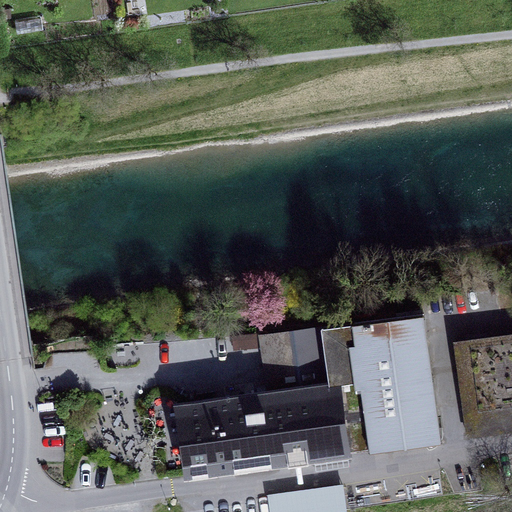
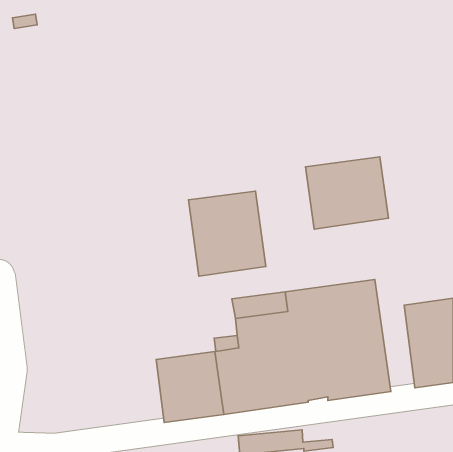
building: none -> [305,157,388,229]
building: none -> [188,191,266,276]

